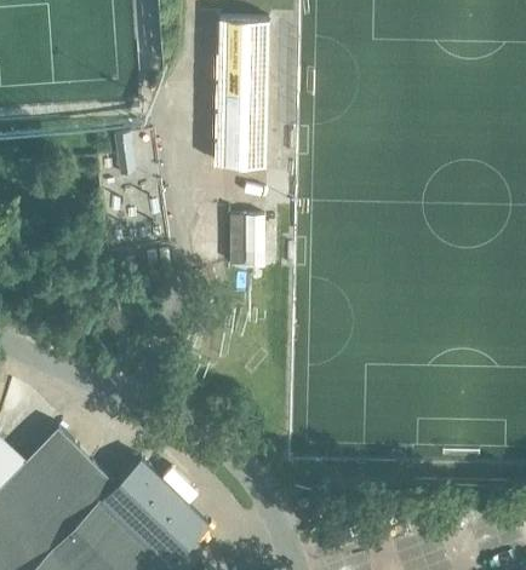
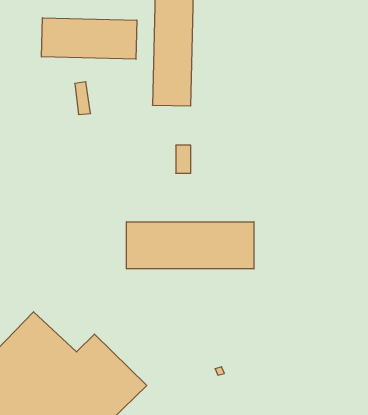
building: none -> [42,18,137,59]
building: none -> [127,222,254,269]

